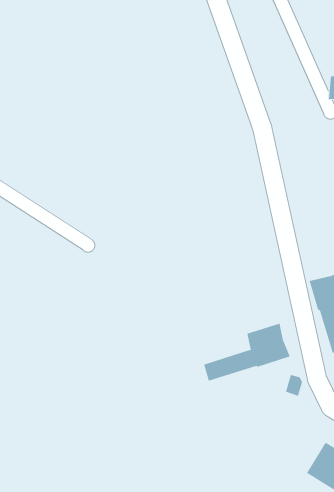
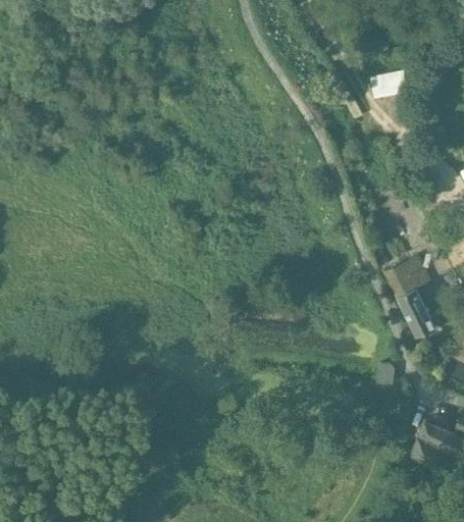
building: [204,323,290,381] -> none

